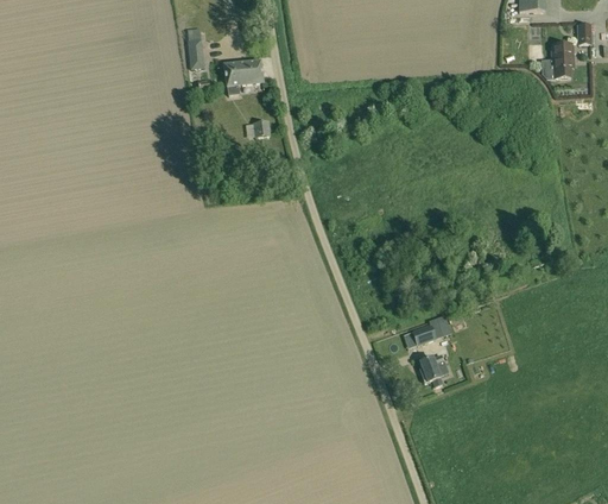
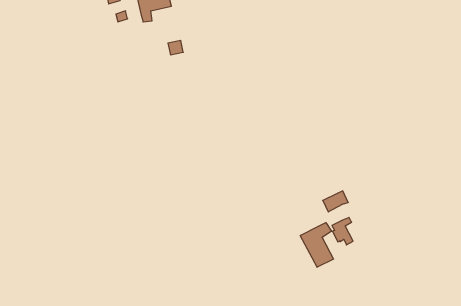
building: none -> [300,223,334,267]

